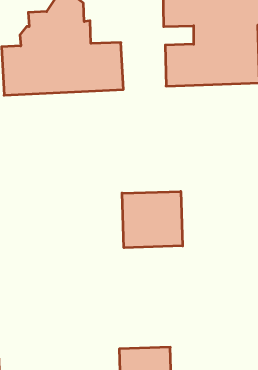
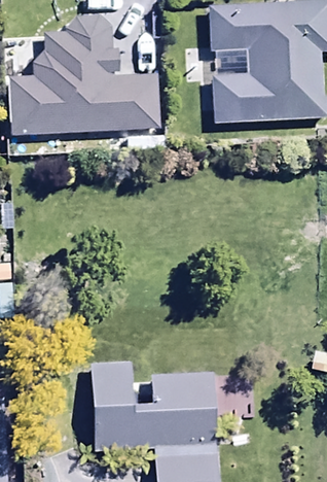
building: [122,191,183,248] -> none
building: none -> [90,359,232,450]

